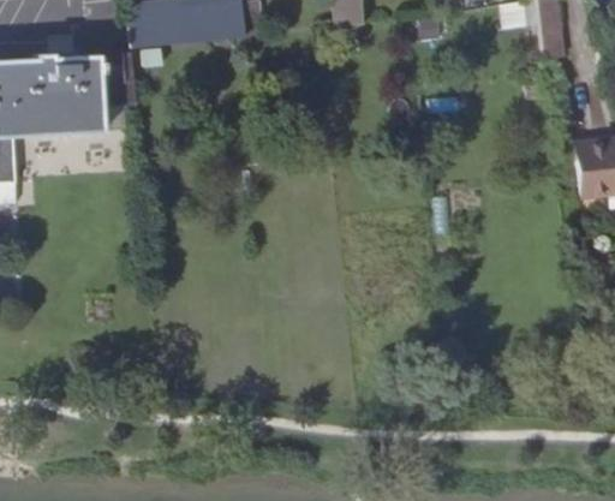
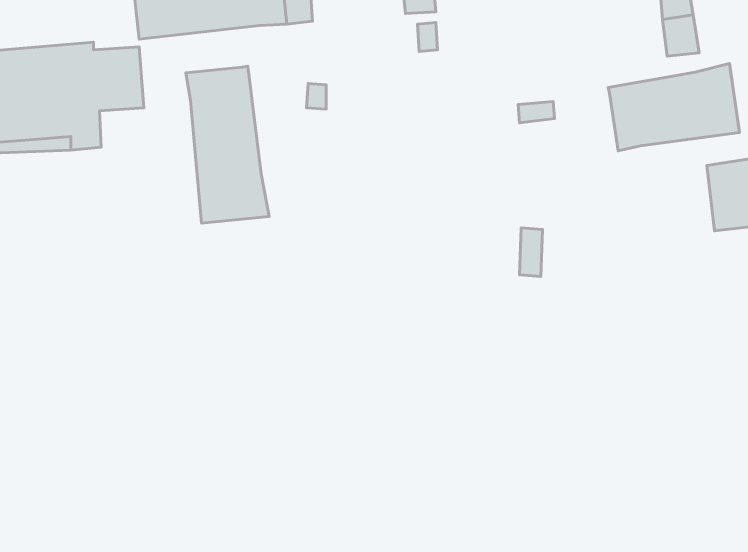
building: none -> [608,63,740,151]
building: none -> [186,66,269,223]

